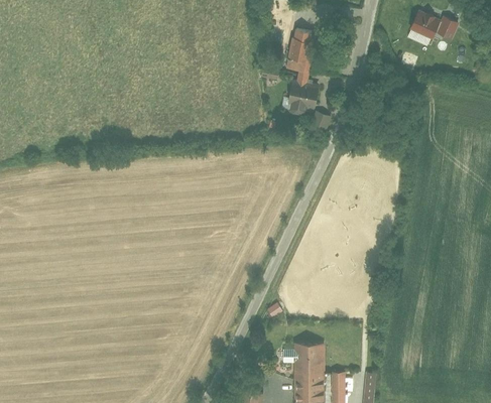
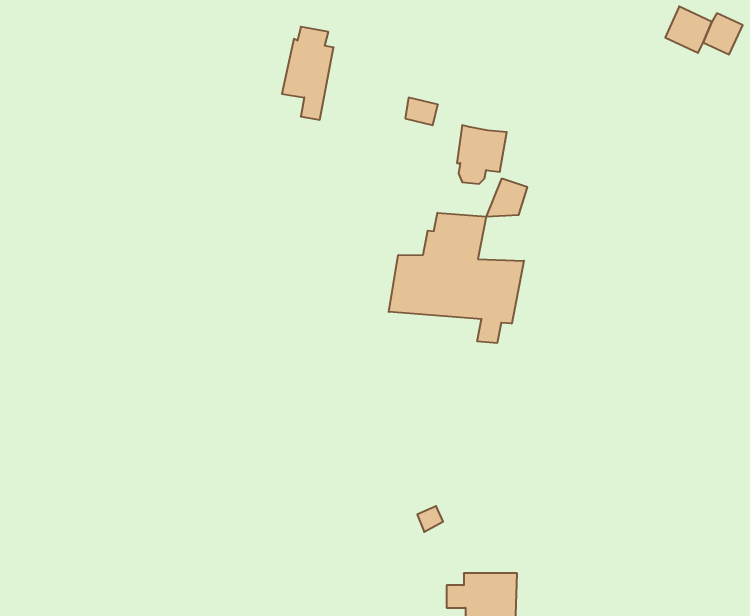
building: [285,30,316,85] -> [282,27,334,120]
building: none -> [389,213,524,343]

